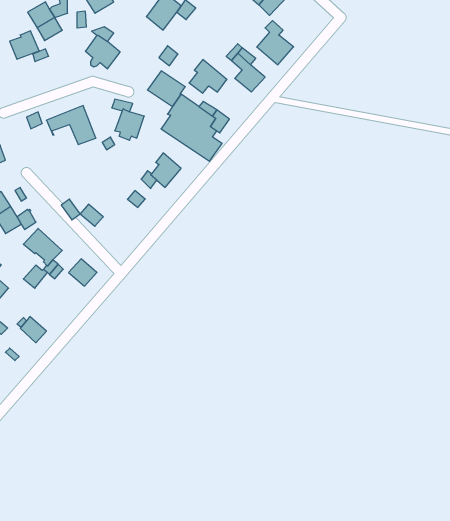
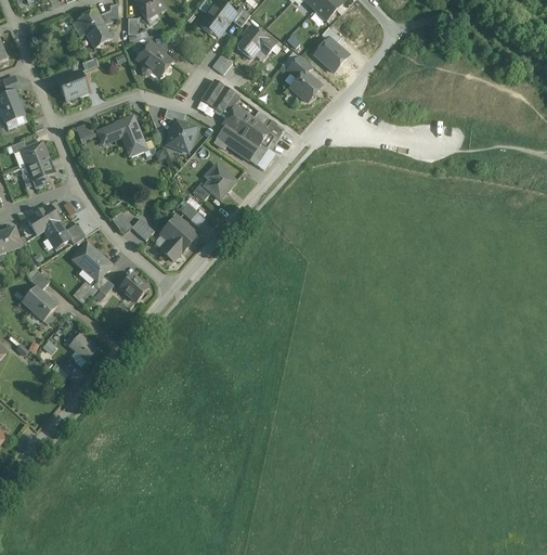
building: [10,31,39,59] -> [58,70,89,100]
building: [189,60,227,93] -> [237,23,276,57]
building: none -> [160,216,197,260]

